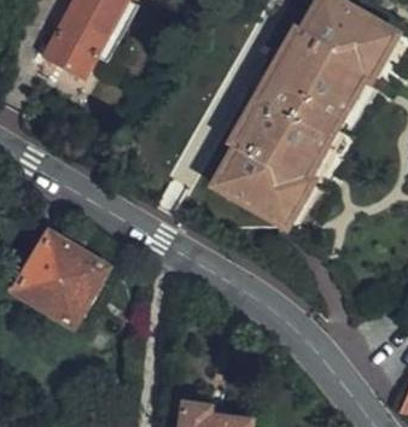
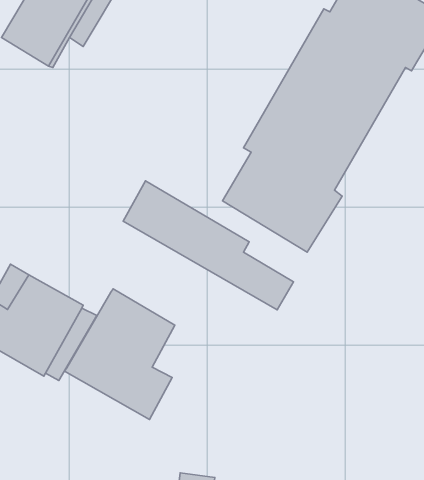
building: none -> [123,181,294,310]
building: none -> [65,289,175,420]

